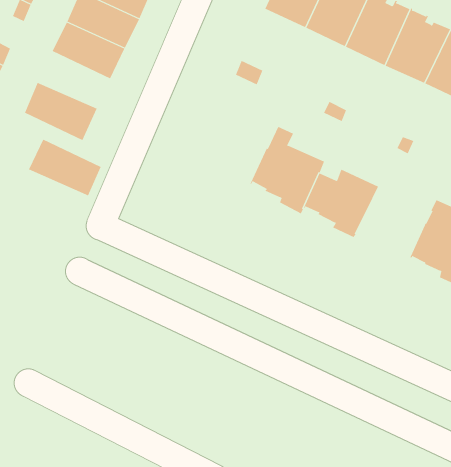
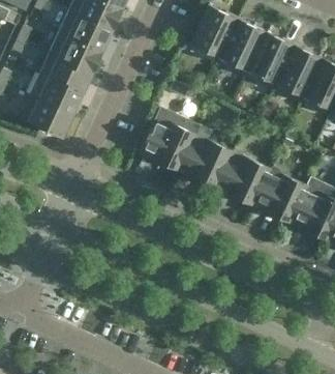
building: none -> [142,108,200,171]
building: [28,139,102,196] -> [30,74,82,114]
building: none -> [254,174,308,223]

